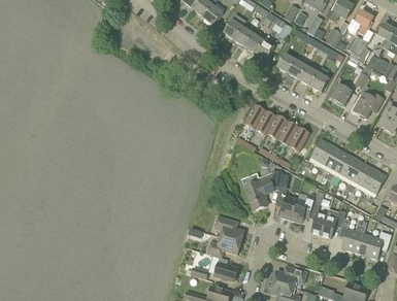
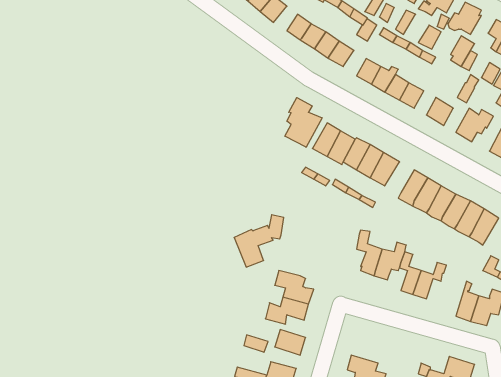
building: none -> [285,98,322,147]
building: [244,170,283,210] -> [234,215,284,267]
building: [338,219,362,252] -> none
building: [273,266,307,288] -> none

